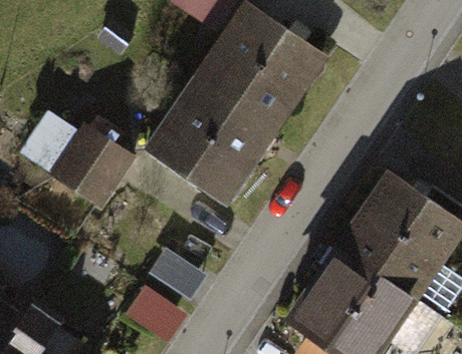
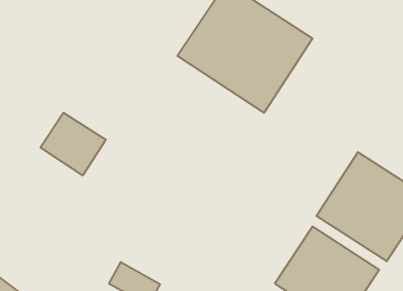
building: [144,76,284,213] -> none

